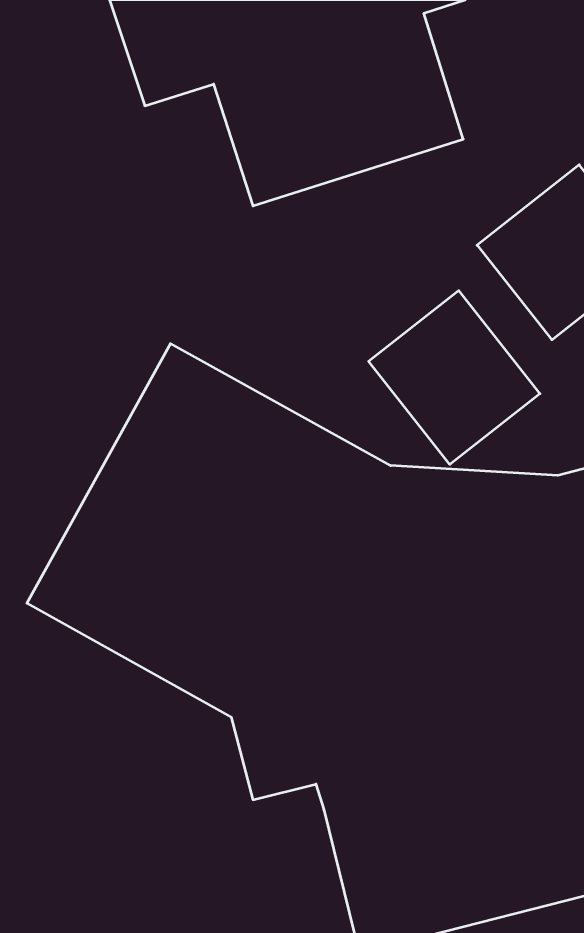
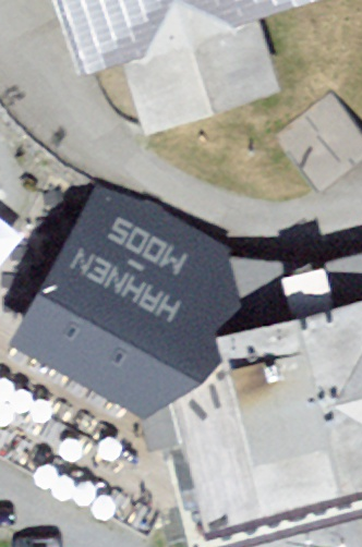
building: [369,291,540,464] -> none

